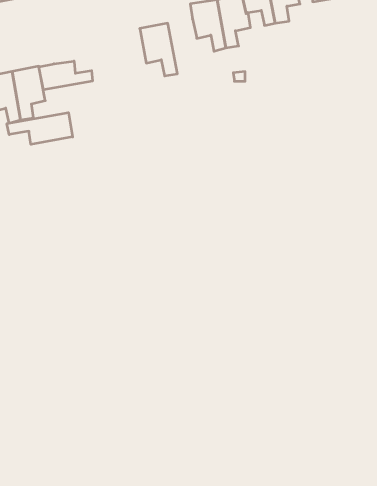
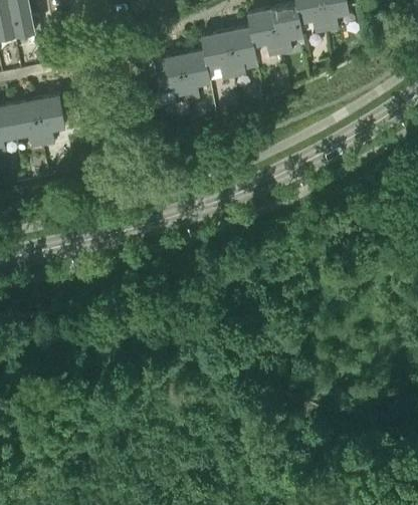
building: none -> [180,50,211,101]
building: [39,61,92,90] -> none
building: [7,113,73,144] -> none

